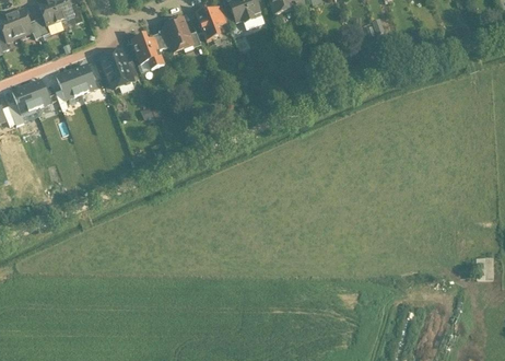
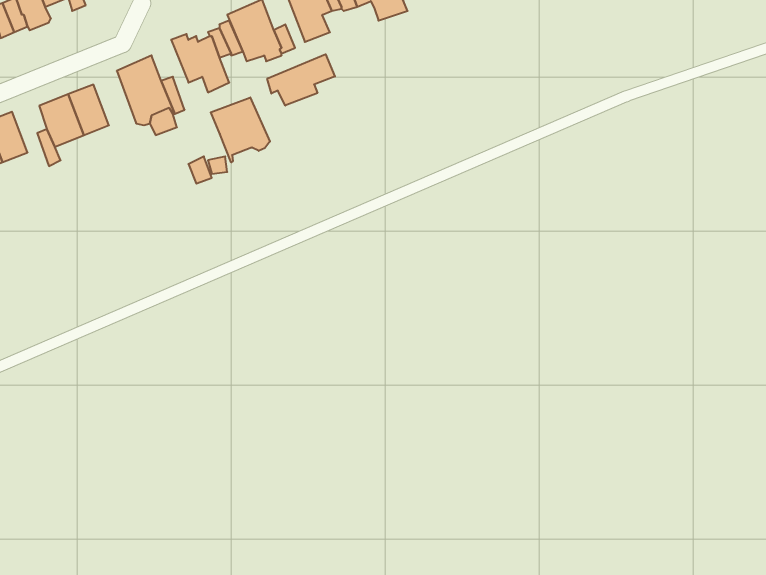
building: none -> [267,54,335,106]
building: none -> [211,97,270,162]

